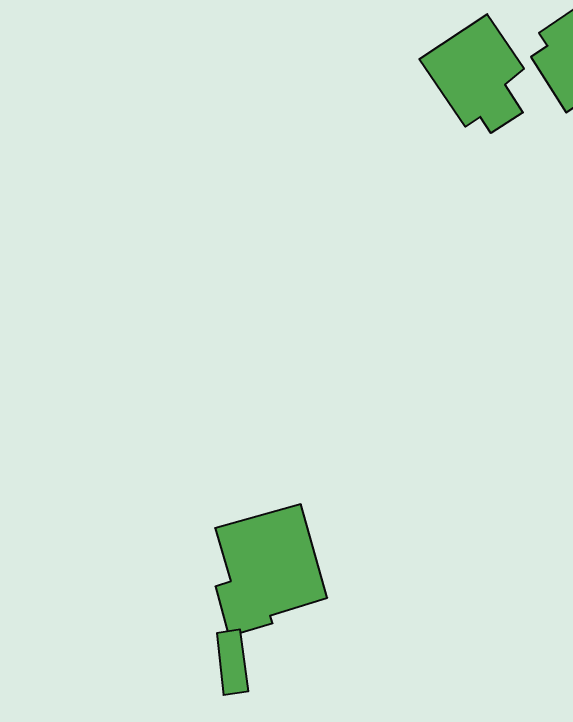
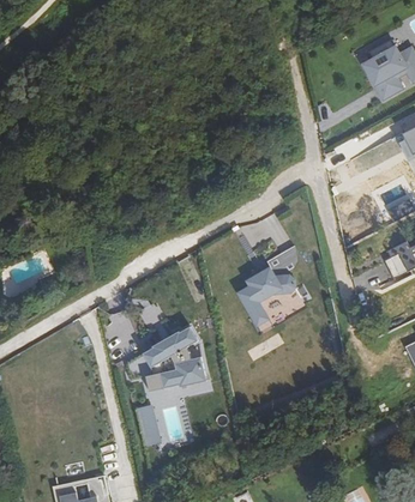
building: [419,14,524,133] -> none
building: none -> [242,238,303,328]

